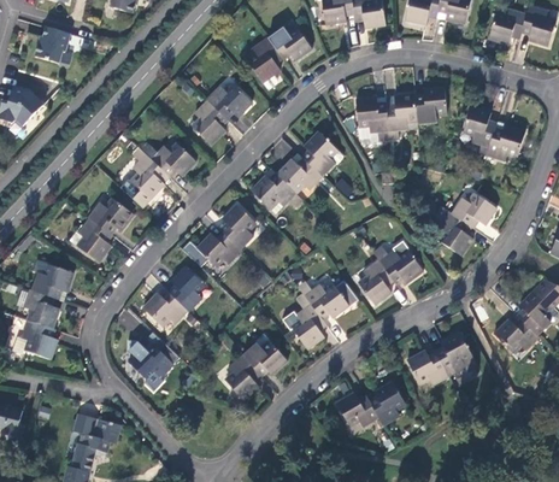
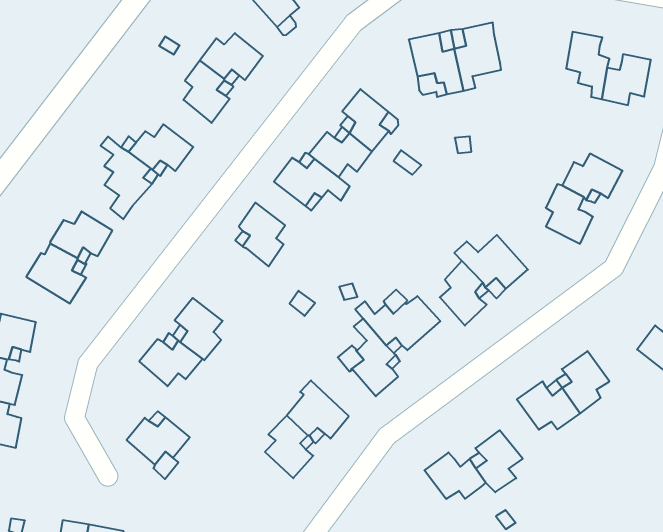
building: [416,87,447,123] -> none
building: [198,233,242,266] -> none

